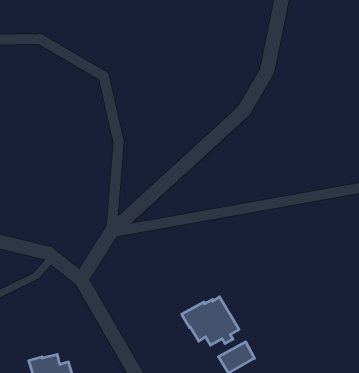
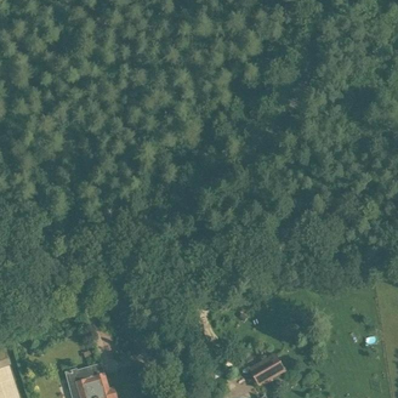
building: [182,297,239,345] -> none

